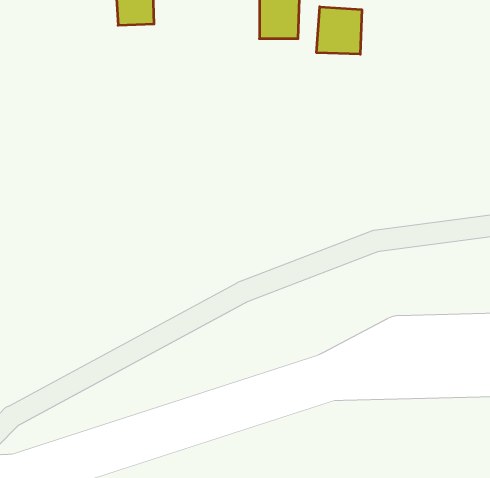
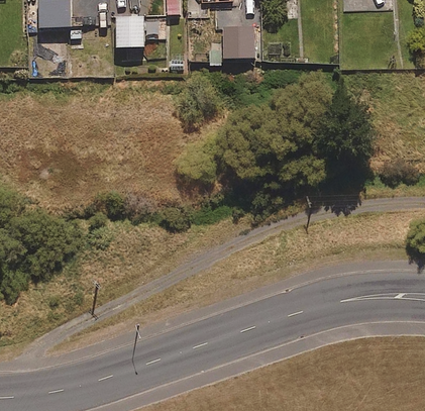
building: [317,7,362,54] -> none

